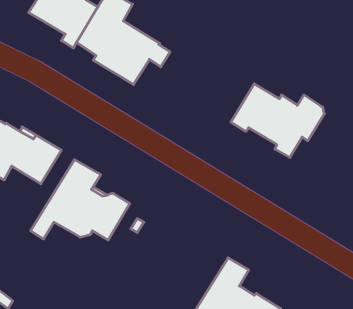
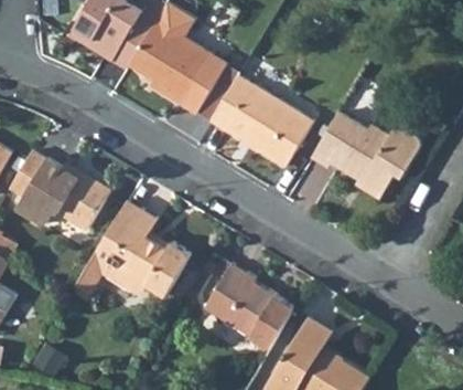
building: none -> [209,74,313,167]
building: none -> [202,264,293,349]

